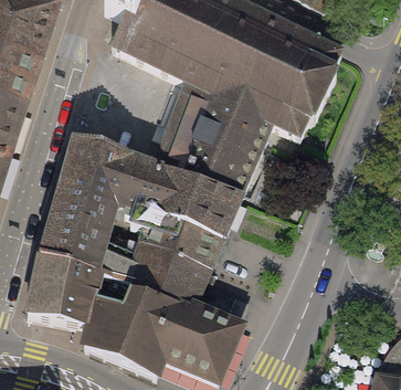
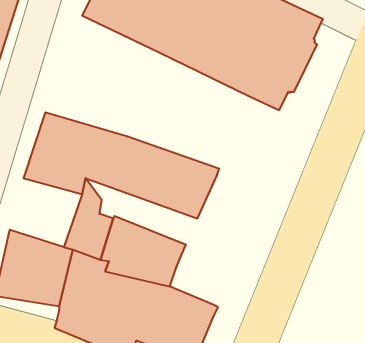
building: [156,81,273,192] -> none
building: [43,201,113,267] -> none
building: [116,201,223,265] -> none

